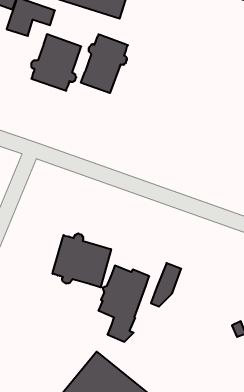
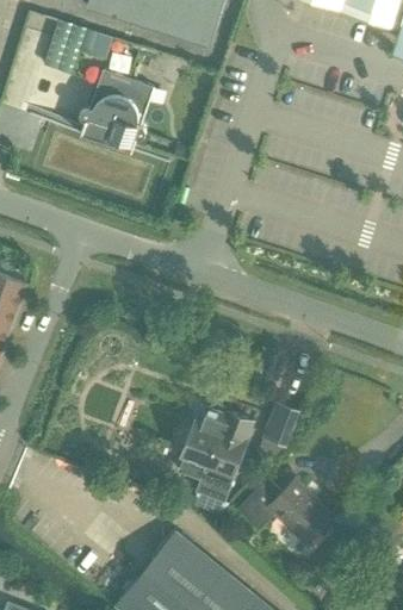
building: [81,34,128,93] -> none
building: [53,233,111,287] -> none
building: none -> [235,477,330,542]

